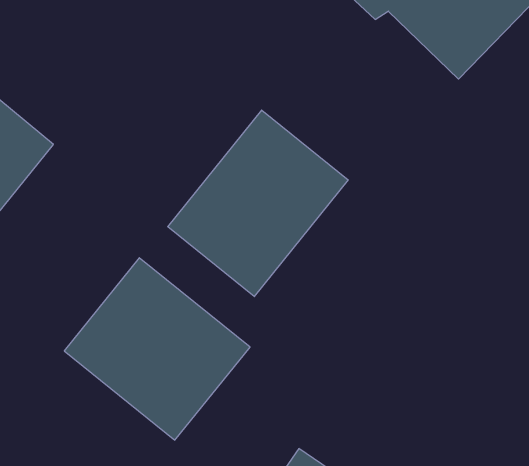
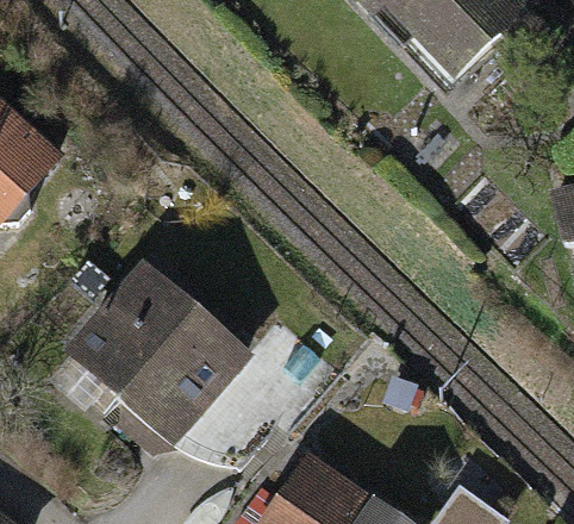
building: [168,110,348,297] -> none

